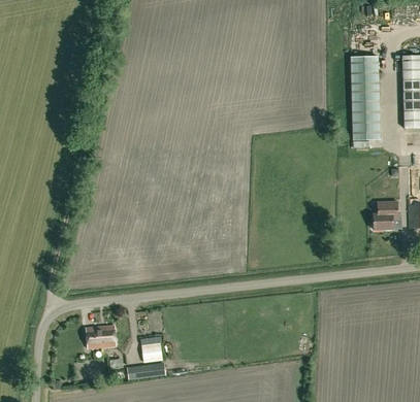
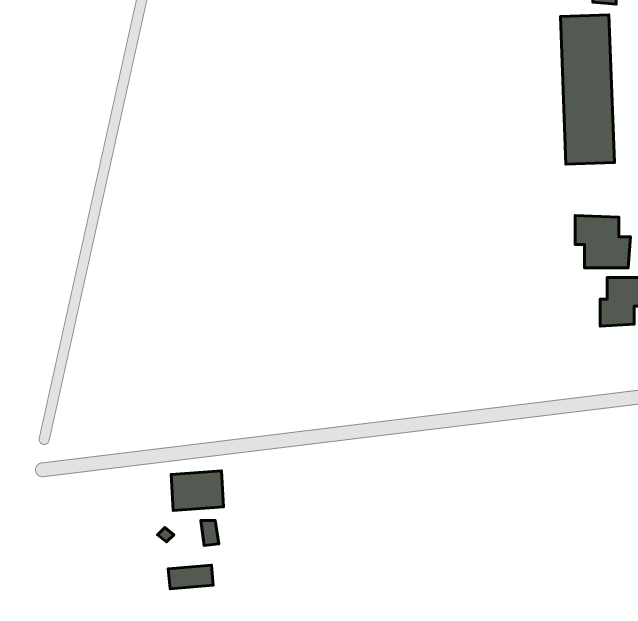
building: none -> [575,215,630,268]
building: [85,325,115,347] -> [171,471,223,510]

